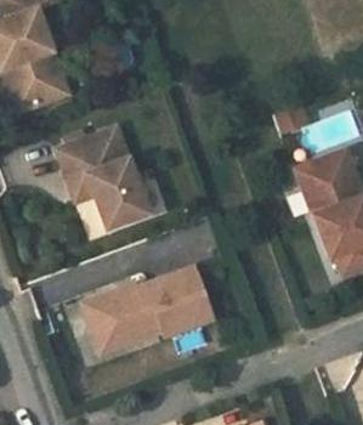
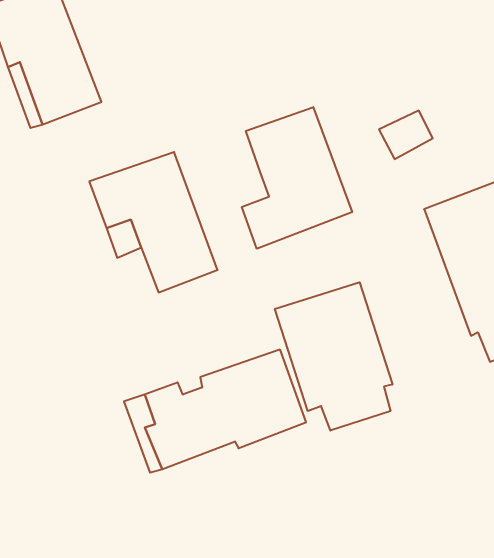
building: none -> [242,107,352,249]
building: none -> [275,282,392,431]

